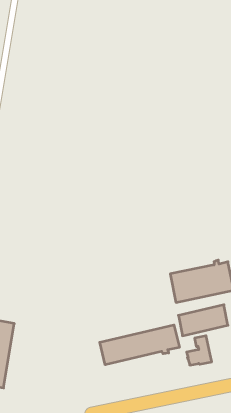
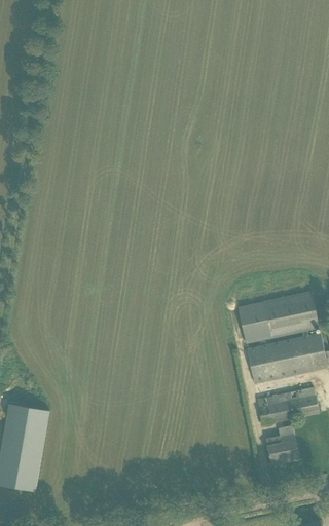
building: none -> [237,290,318,343]
building: [100,325,179,365] -> none

